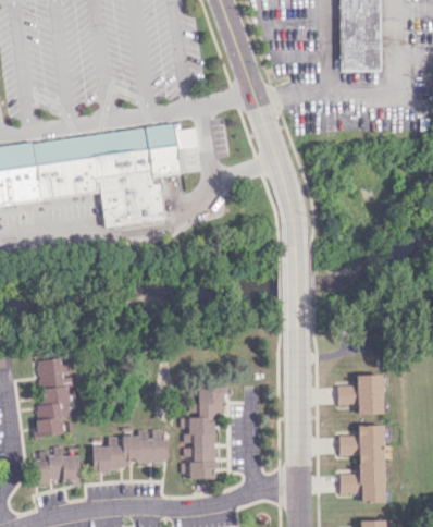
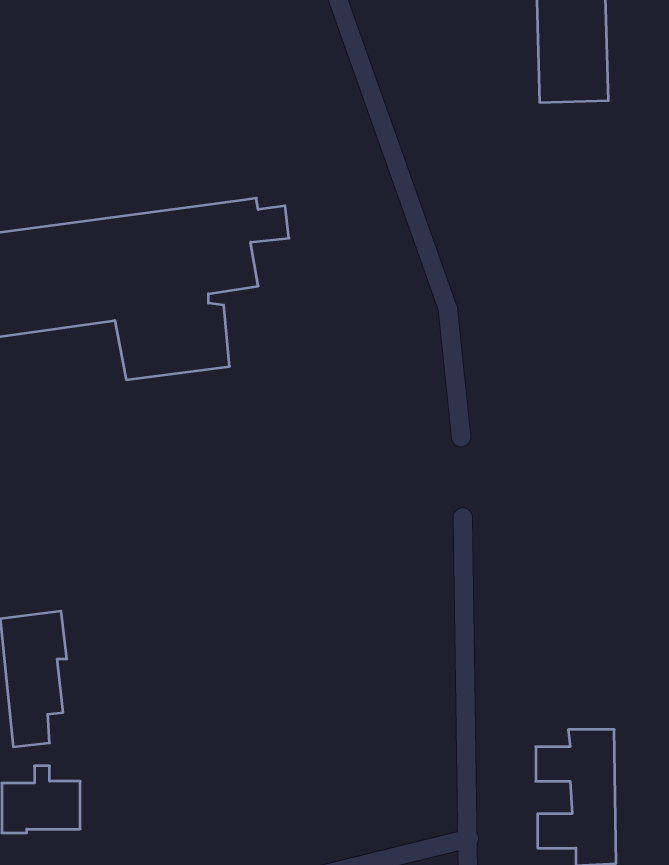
building: [337,375,383,414] -> none
building: [182,387,223,479] -> none
building: [91,430,168,470] -> none

